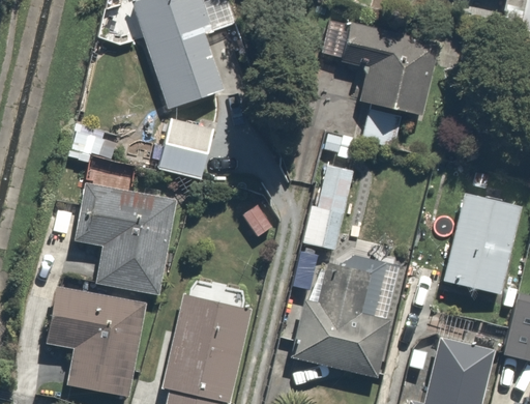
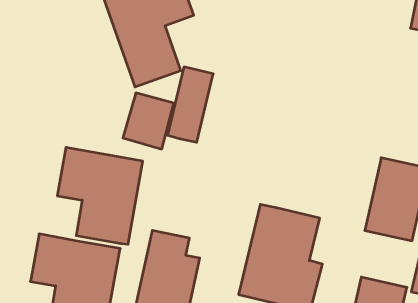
building: [321,19,439,145] -> none
building: [302,164,357,254] -> [167,67,213,142]

